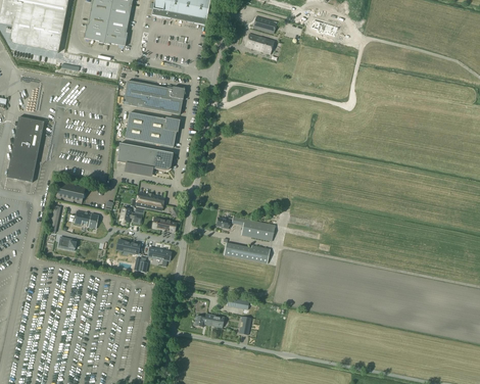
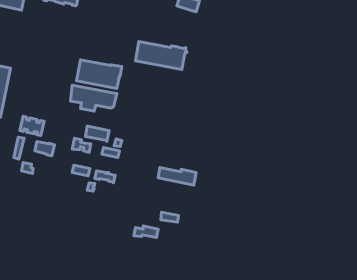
building: [123,80,185,113] -> [135,42,187,69]
building: [215,215,274,240] -> none

